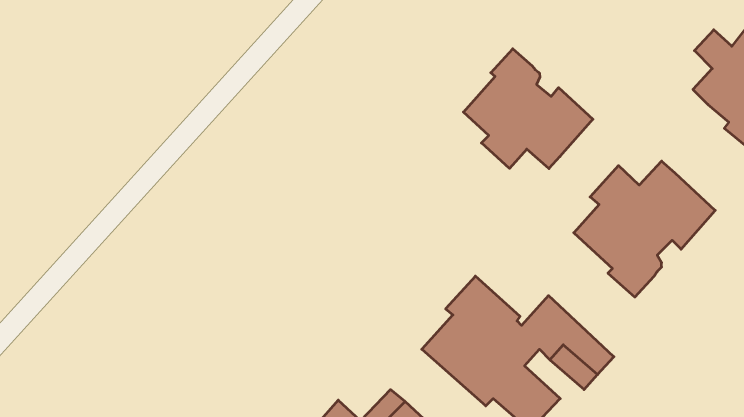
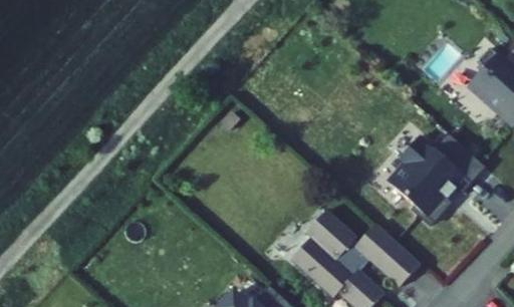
building: [463,49,593,169] -> none

